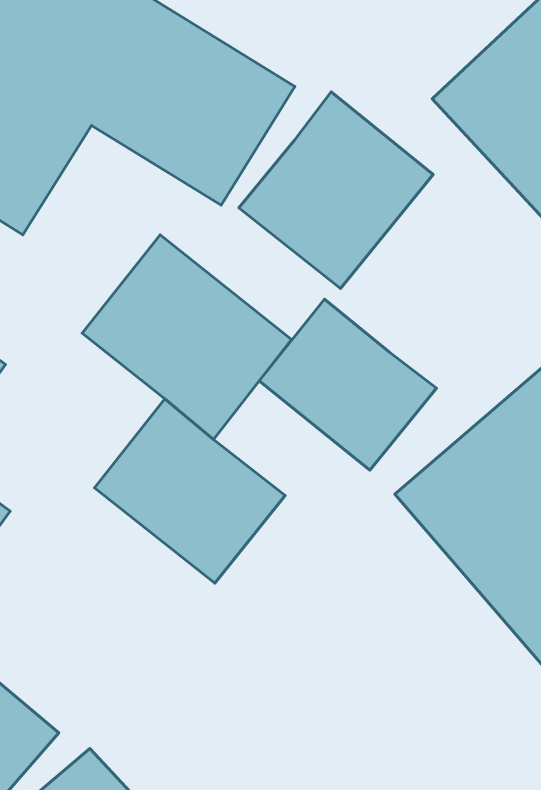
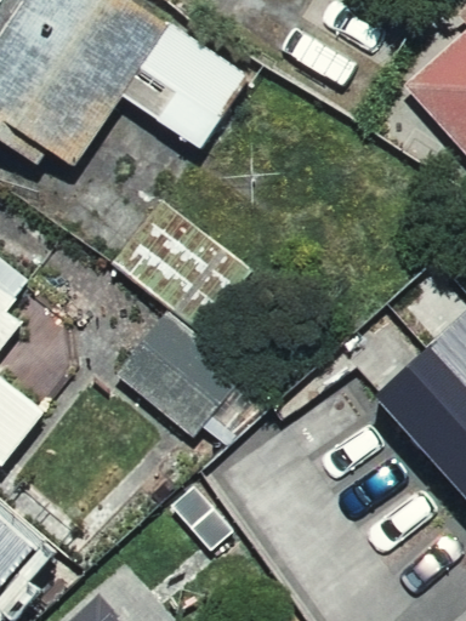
building: [239,92,433,289] -> none
building: [259,299,437,470] -> none

